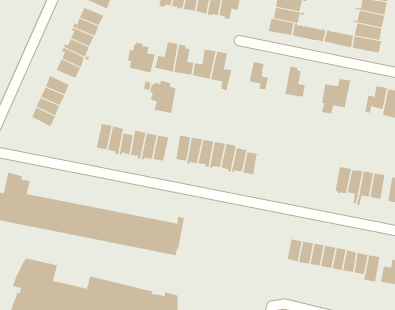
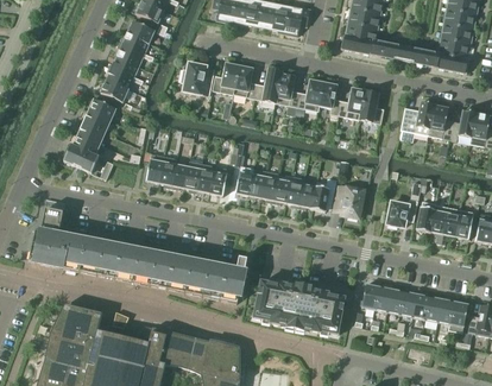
building: none -> [295,77,323,115]
building: none -> [338,86,365,119]
building: [150,80,176,114] -> none
building: none -> [428,105,453,139]
building: none -> [63,144,99,172]
building: none -> [386,182,421,227]
building: none -> [334,184,364,220]
building: none -> [253,280,345,334]

